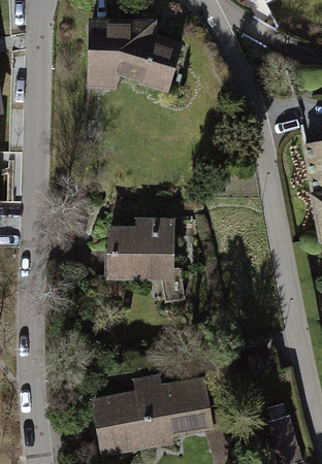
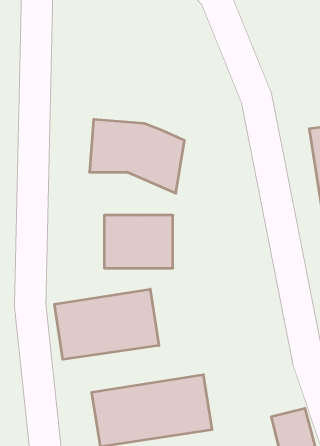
building: [87,21,180,93] -> [89,119,184,193]
building: none -> [55,289,159,359]

